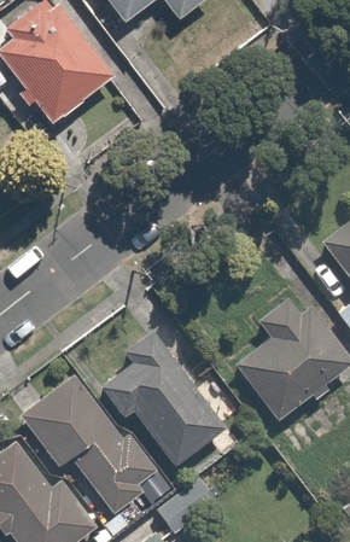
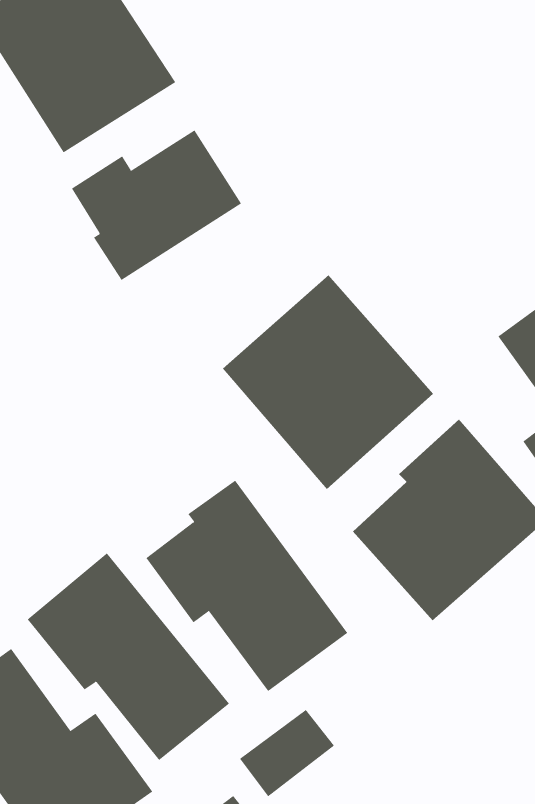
building: none -> [71,130,242,281]
building: none -> [222,275,434,490]

